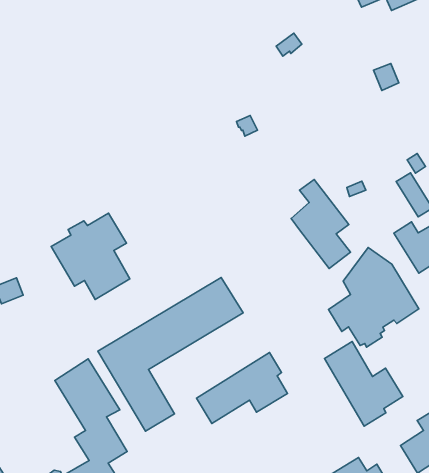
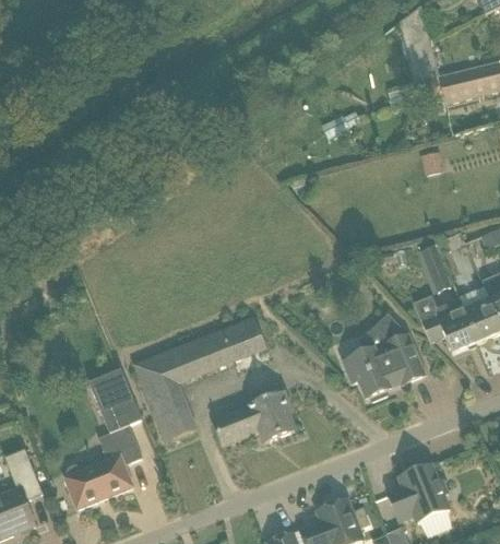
building: [291,180,351,269] -> none
building: [51,213,130,299] -> none
building: [324,341,403,426] -> none

